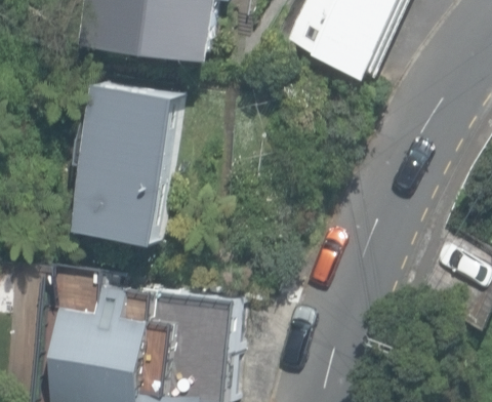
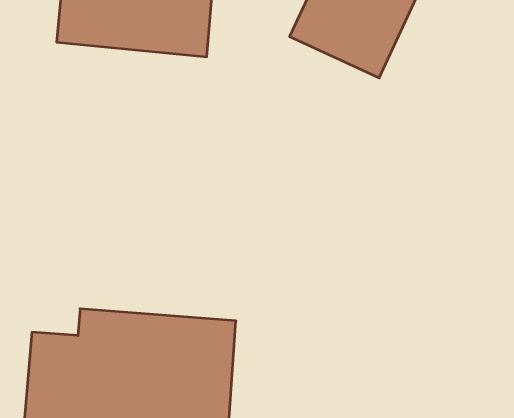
building: [86,78,193,235] -> none

